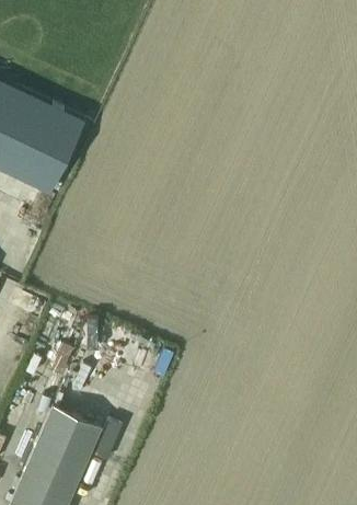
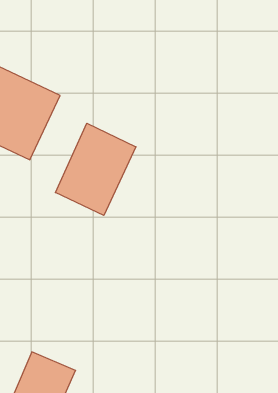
building: none -> [55,123,136,215]

